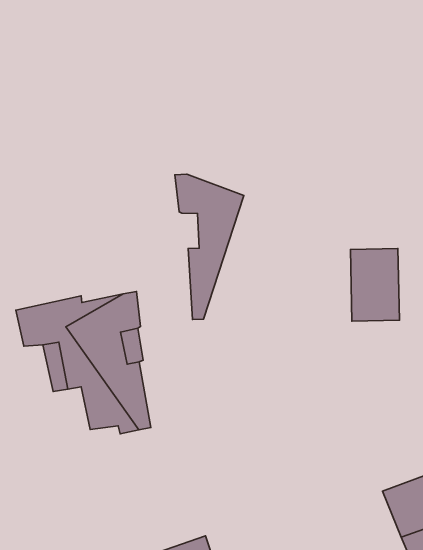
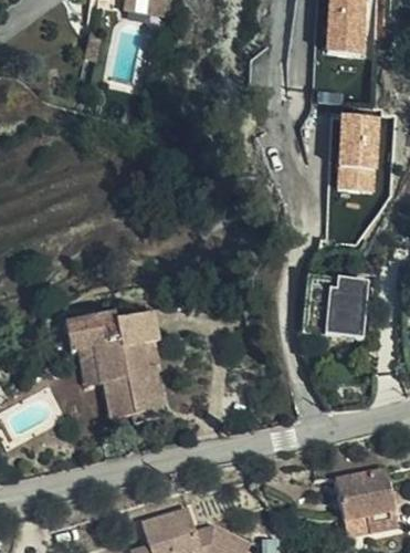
building: none -> [336,118,379,192]
building: [175,174,244,319] -> none

